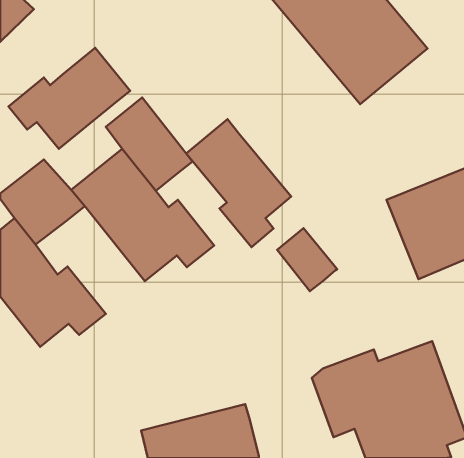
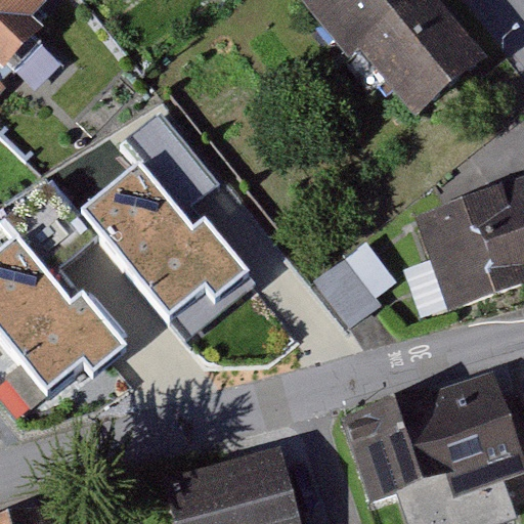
building: [8,48,130,149] -> none
building: [186,119,291,247] -> none

